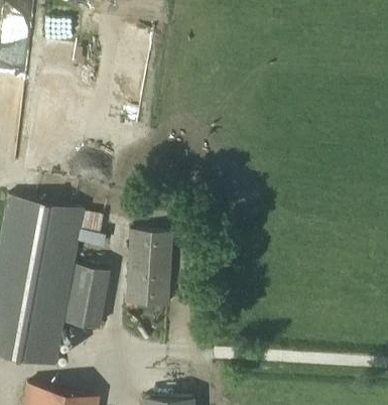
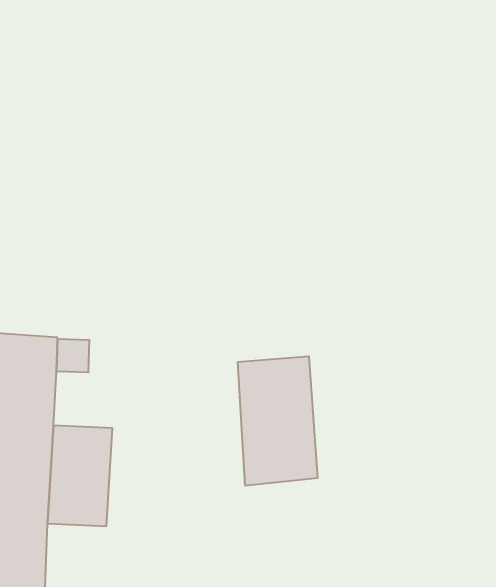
building: [124,230,172,305] -> [238,356,318,485]

